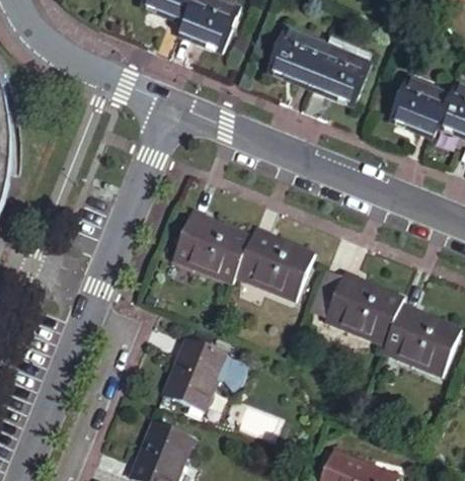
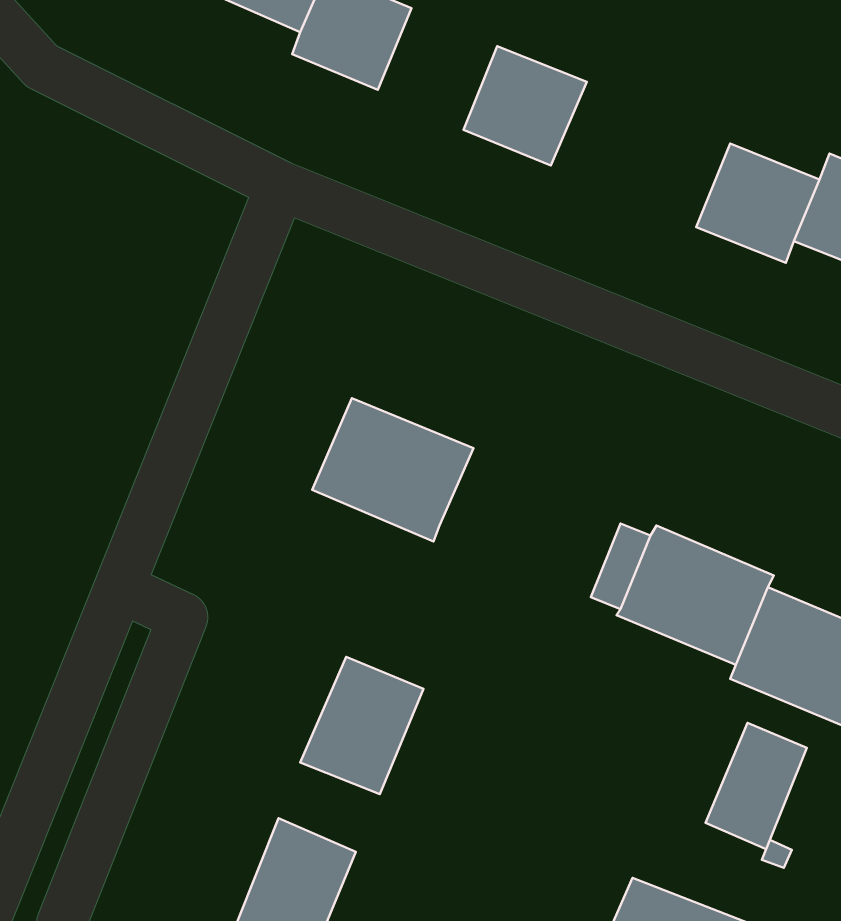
building: [296,47,357,106] -> none
building: [239,226,320,298] -> none
building: none -> [706,723,807,849]

